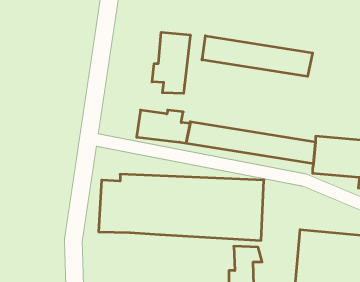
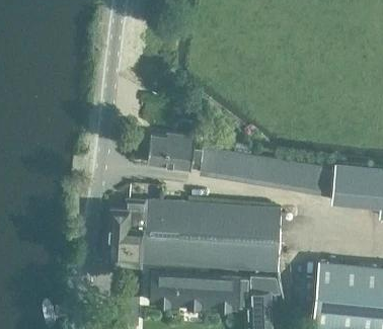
building: [152,32,190,93] -> none
building: [202,36,313,76] -> none
building: none -> [150,274,249,309]

